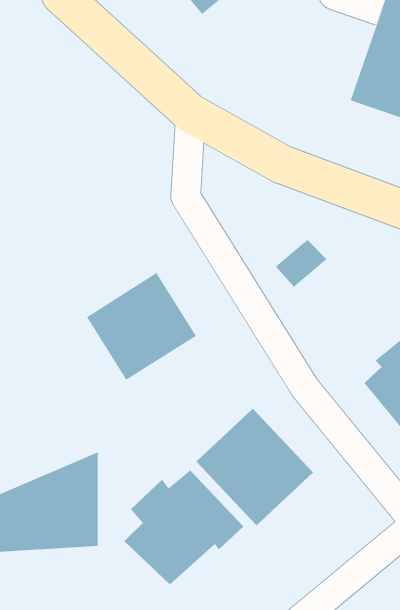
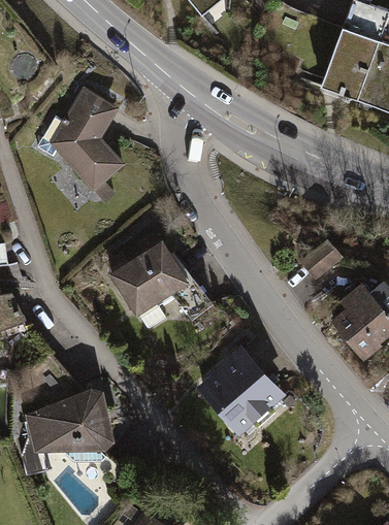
building: none -> [48,88,124,205]
building: [275,239,327,288] -> [300,241,344,282]
building: [123,469,244,585] -> none

